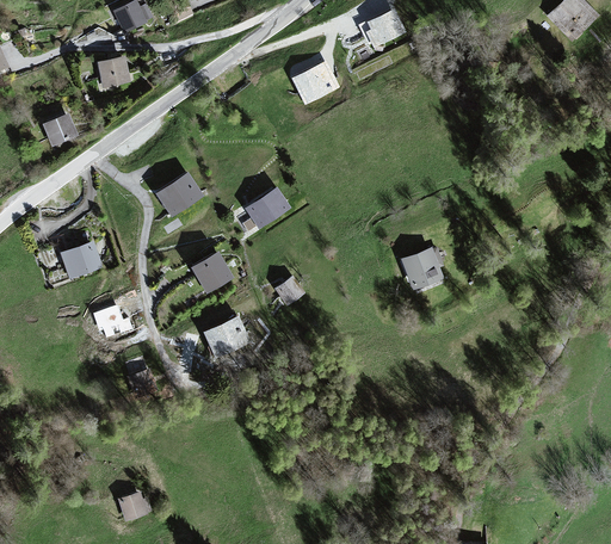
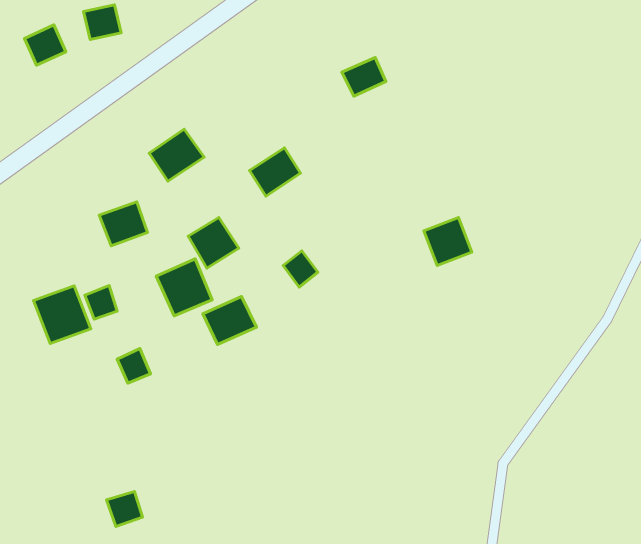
building: [296,64,335,99] -> [342,58,386,96]
building: [42,113,79,149] -> [24,25,66,65]
building: [58,237,101,277] -> [99,202,147,246]
building: none -> [156,259,212,316]
building: none -> [34,286,91,344]

